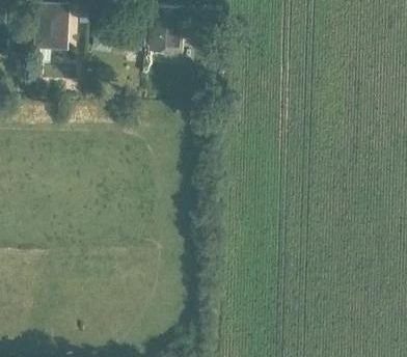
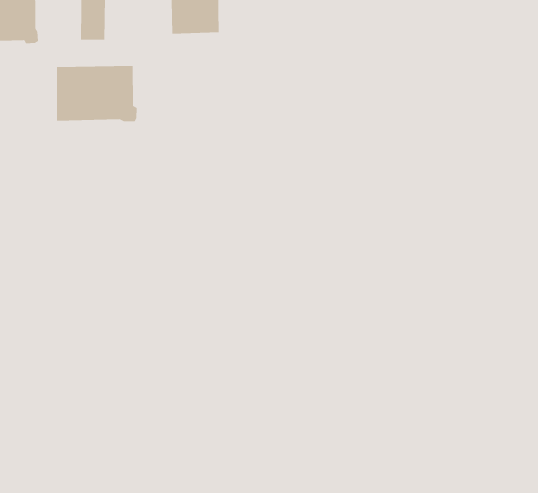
building: none -> [57,65,137,122]

